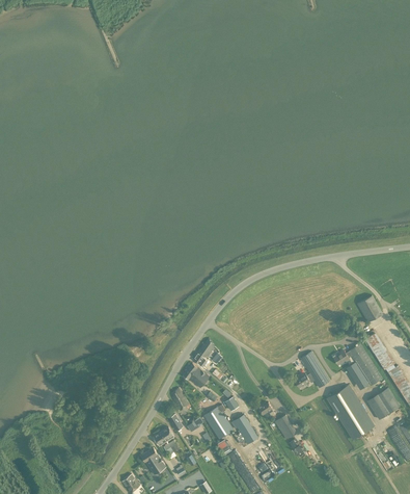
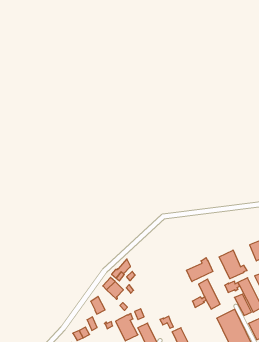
building: none -> [219,250,247,279]
building: none -> [186,258,213,282]

